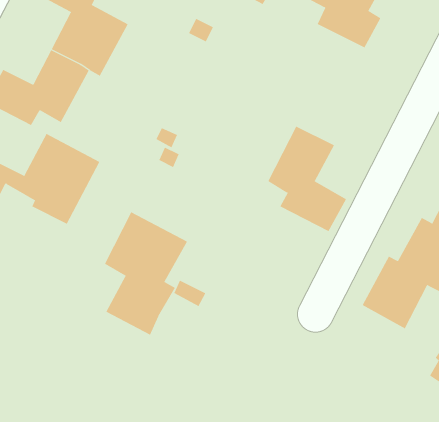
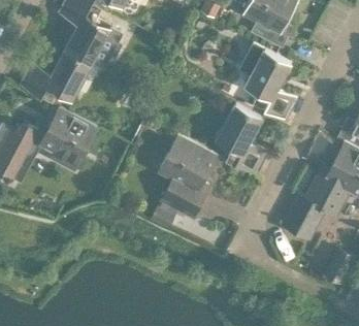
building: none -> [239,41,298,121]
building: [104,212,188,336] -> [159,133,217,219]

